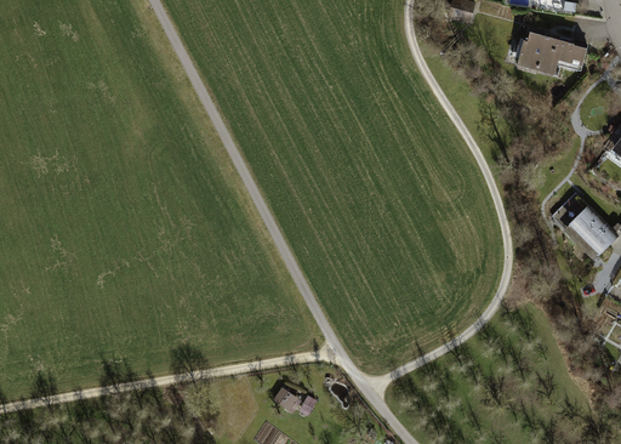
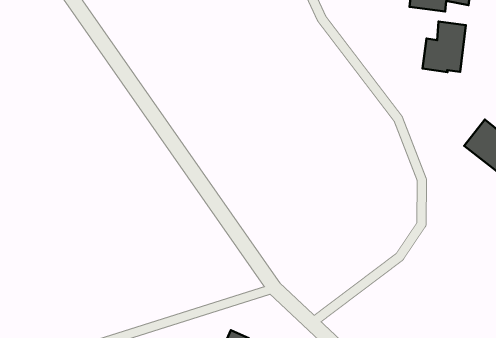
building: none -> [422,22,466,72]

